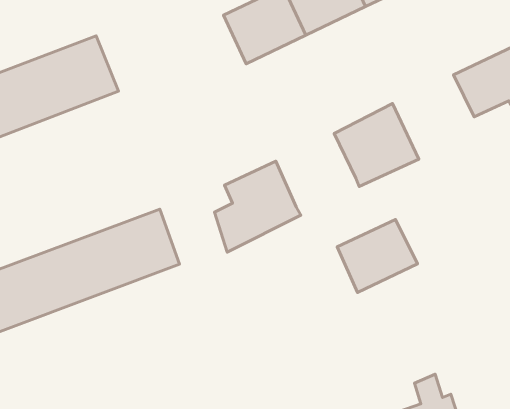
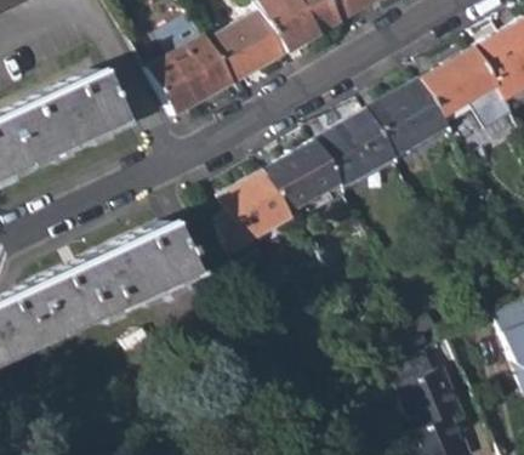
building: none -> [149,33,234,115]
building: none -> [370,78,451,157]
building: [337,219,417,293] -> [268,140,342,209]

